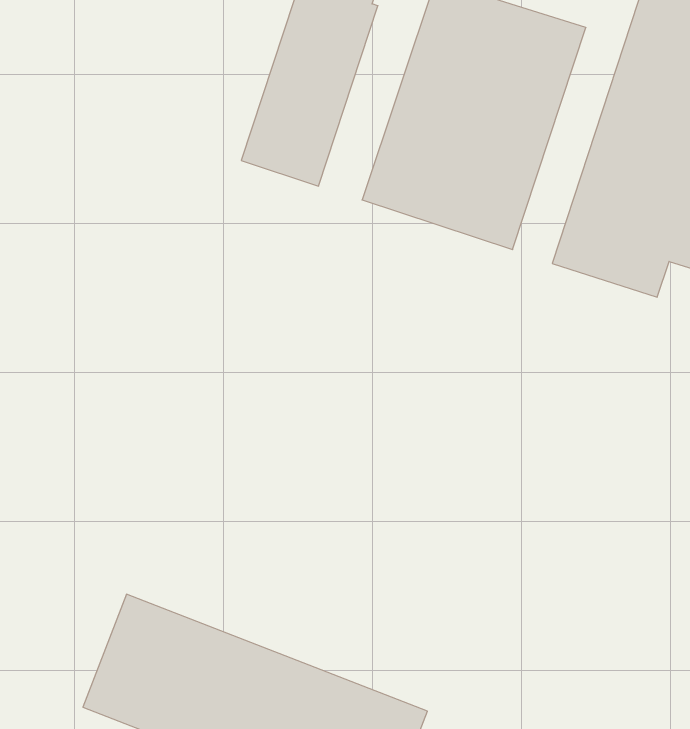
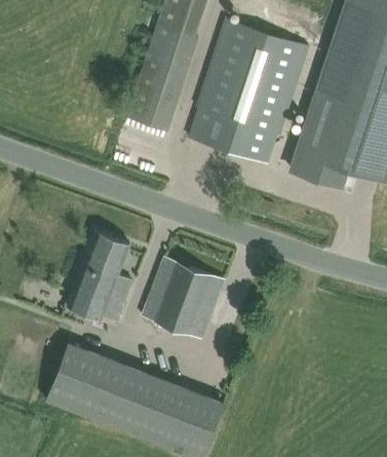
building: none -> [68,232,132,325]
building: none -> [143,259,225,339]

